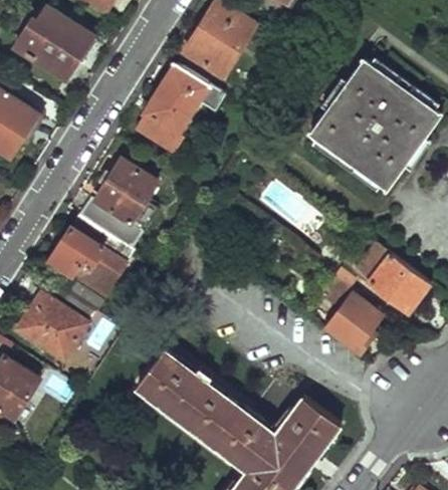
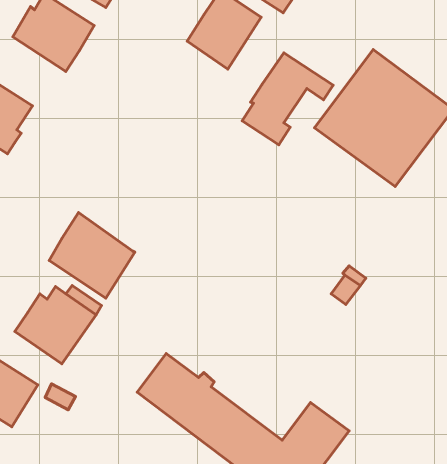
building: [137,63,224,152] -> [242,53,333,145]
building: [79,160,157,252] -> none
building: [353,244,429,310] -> none
building: [326,292,383,353] -> none

